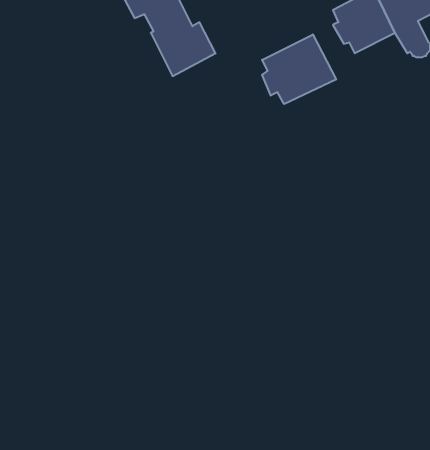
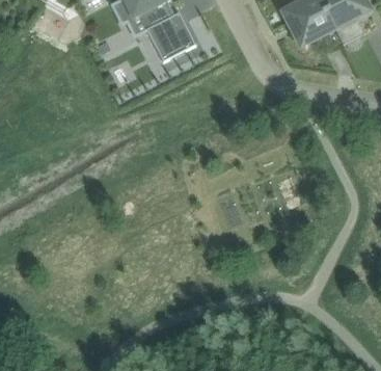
building: [262,34,336,104] -> none

